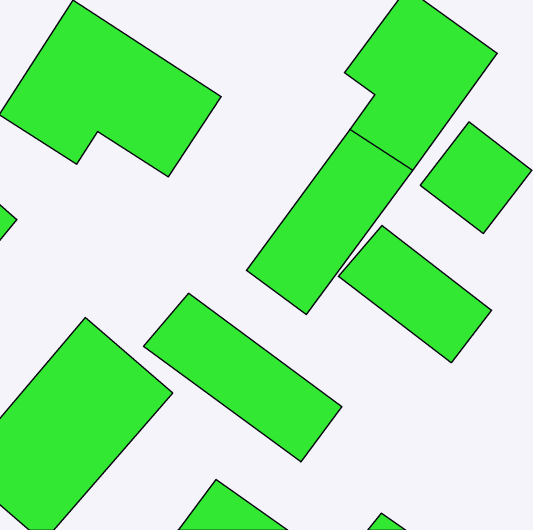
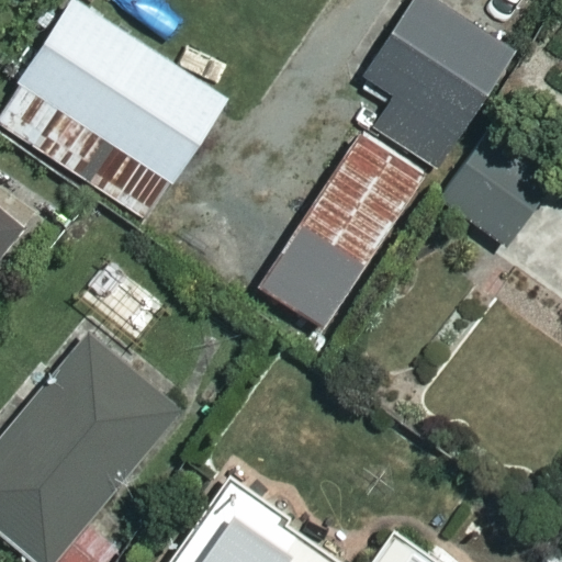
building: [338,225,492,363] -> none
building: [144,293,342,462] -> none

